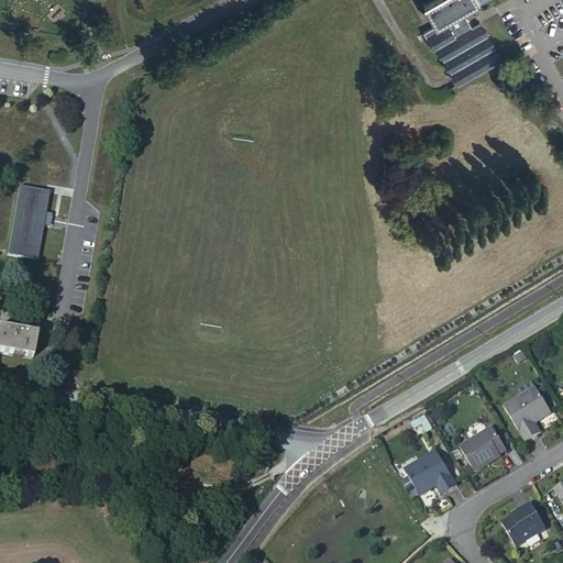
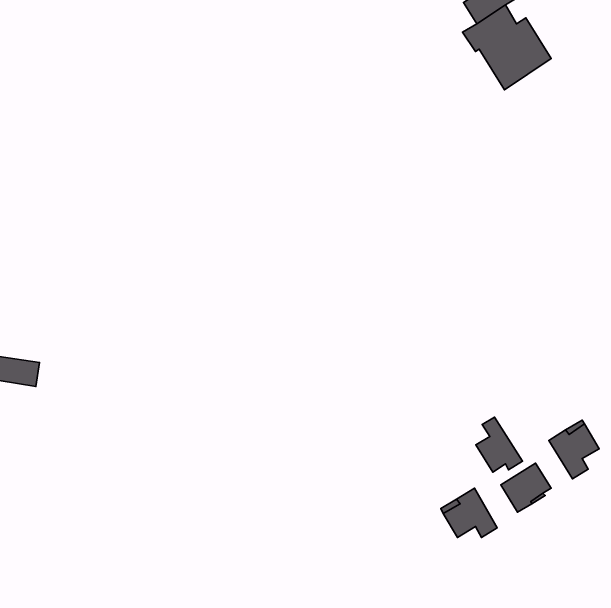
building: [7,186,46,256] -> none
building: none -> [476,417,522,472]
building: [501,501,545,545] -> none

